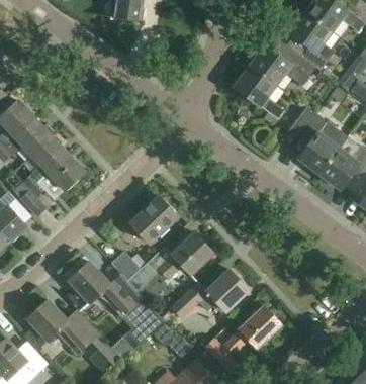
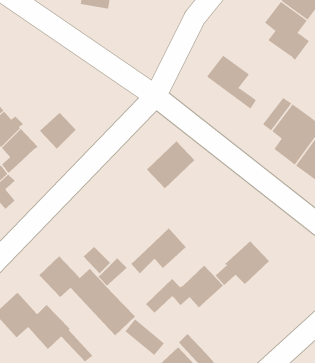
building: [249,44,315,87] -> none
building: [49,156,85,192] -> [39,112,76,150]
building: [131,197,179,245] -> [146,141,195,189]
building: [230,305,283,350] -> [215,240,270,286]

